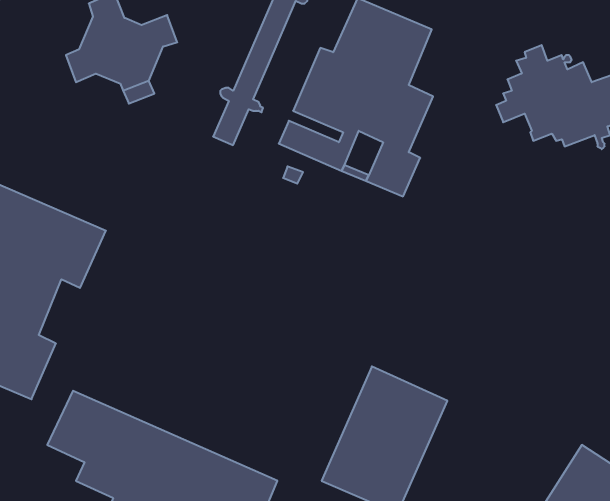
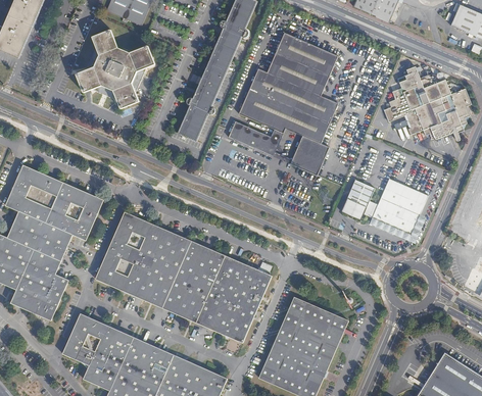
building: none -> [340,178,427,235]
building: none -> [94,211,271,342]

